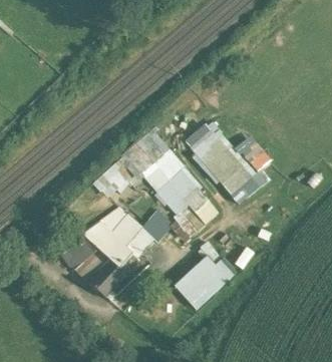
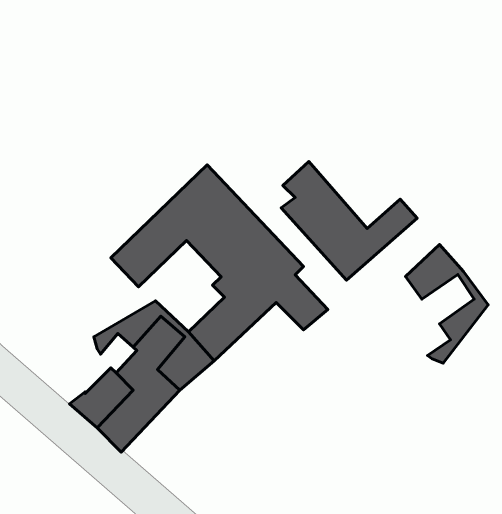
building: none -> [405,245,488,363]
building: [60,227,110,268] -> none
building: [174,255,235,309] -> none

